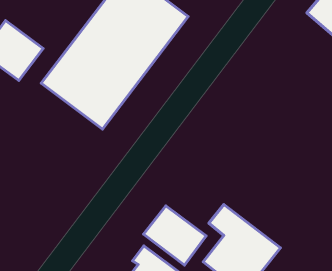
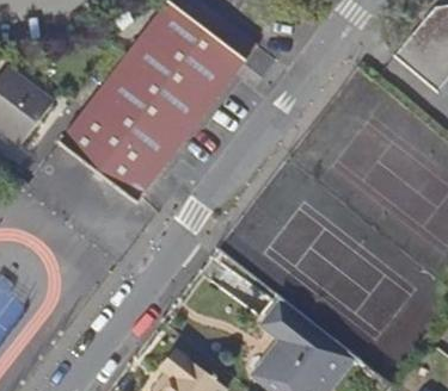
building: [143,206,206,265] -> none

